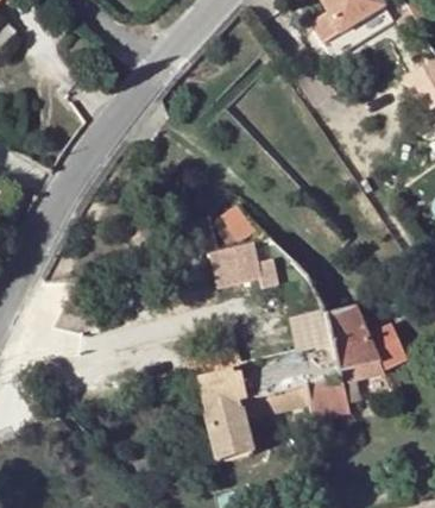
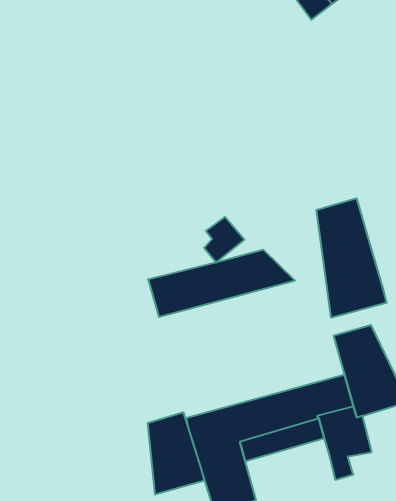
building: none -> [317,198,386,318]
building: none -> [148,412,204,495]

